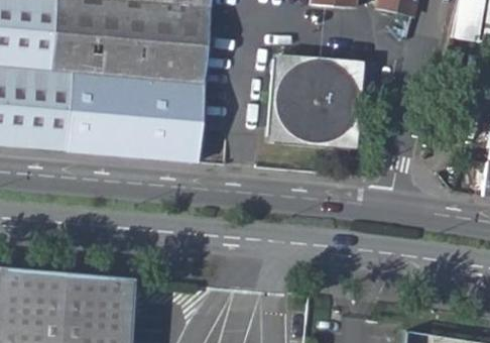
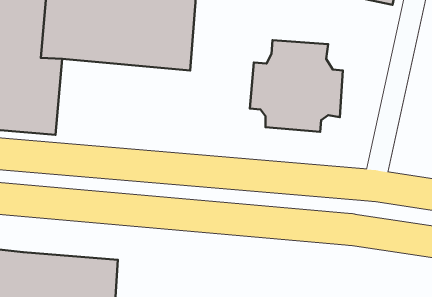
building: [66,73,205,162] -> none

